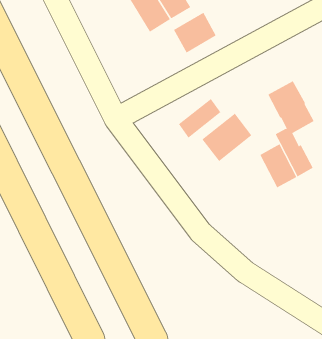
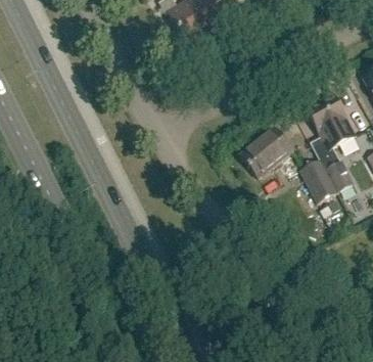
building: [173,12,217,54] -> none
building: [178,98,221,138] -> none

